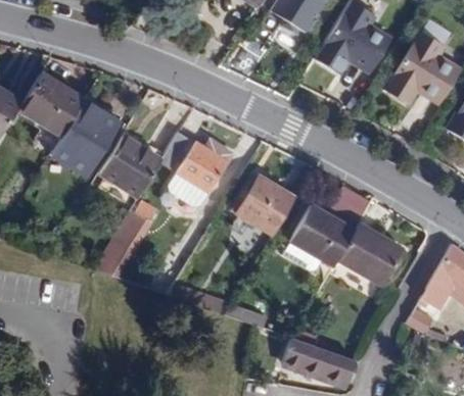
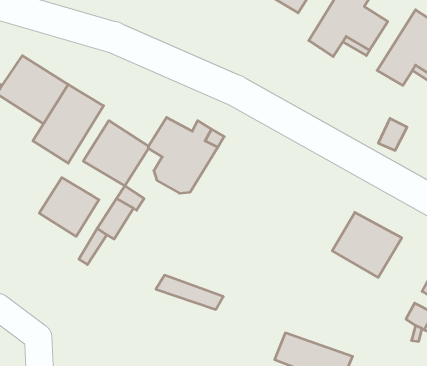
building: [238,177,297,235] -> none
building: none -> [39,178,99,236]
building: [290,204,355,266] -> none

